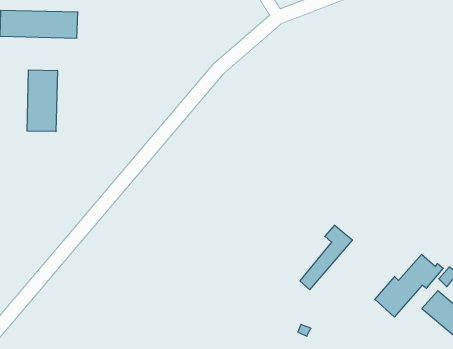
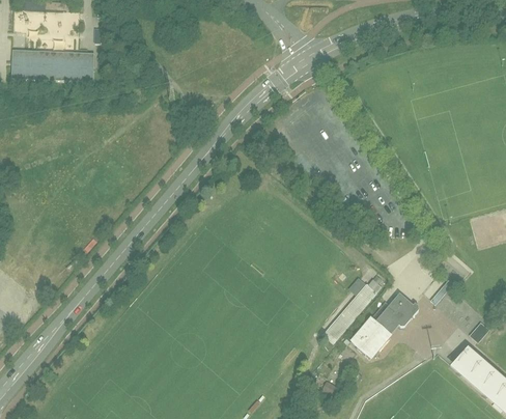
building: [27,70,57,132] -> none
building: [375,255,443,317] -> [349,291,421,357]

